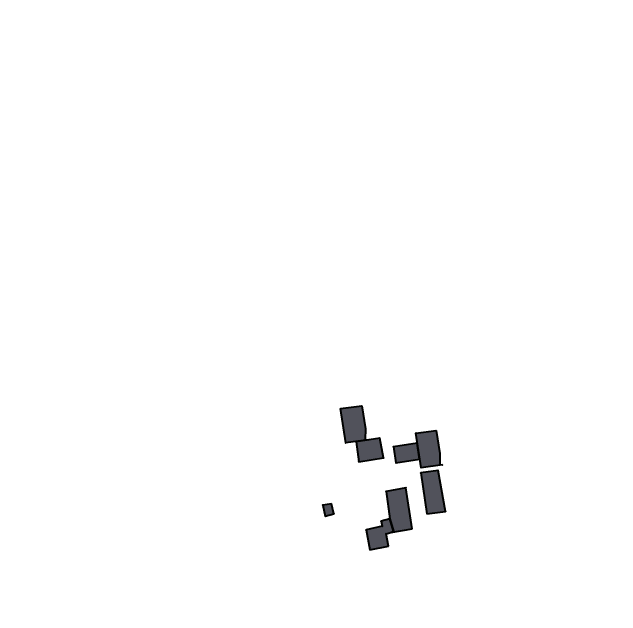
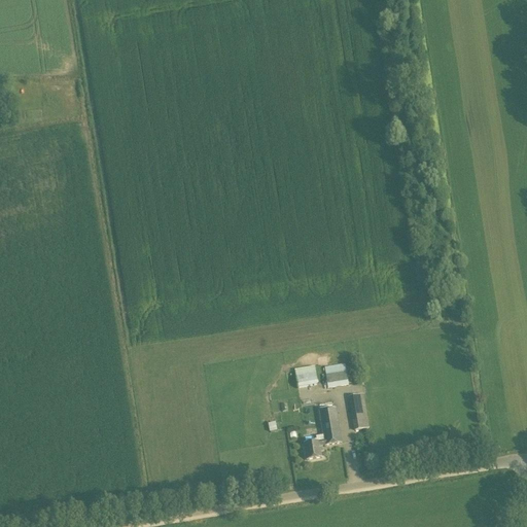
building: [341,406,368,443] -> none
building: [416,431,442,468] -> none

